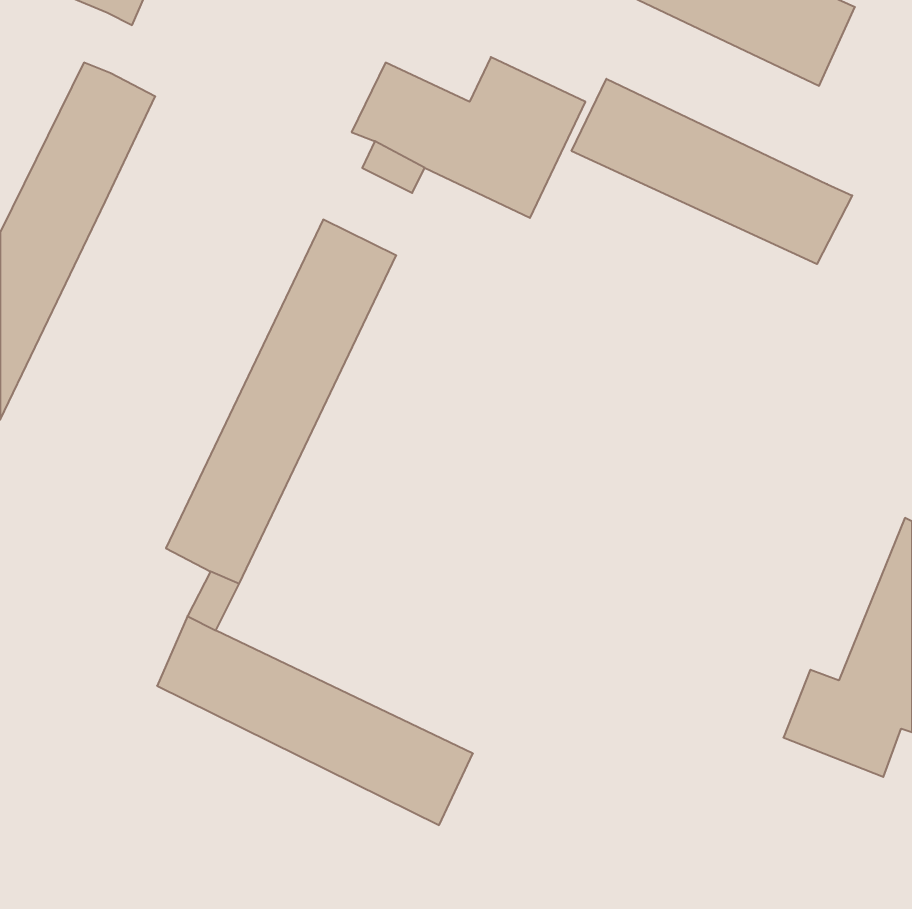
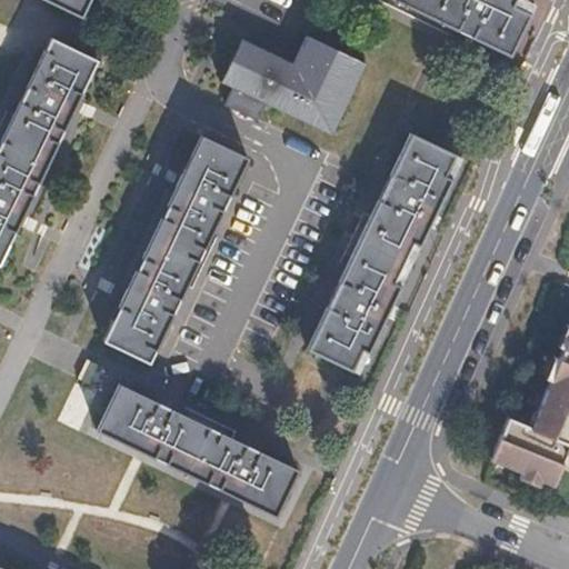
building: [572,79,852,264] -> none
building: none -> [308,134,459,371]

